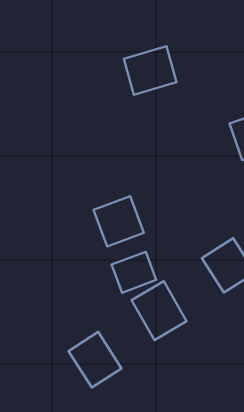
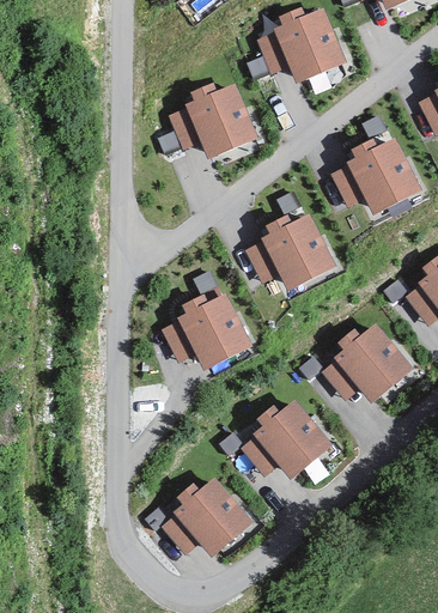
building: none -> [273,14,339,84]
building: none -> [257,217,333,290]
building: [112,252,156,293] -> none

